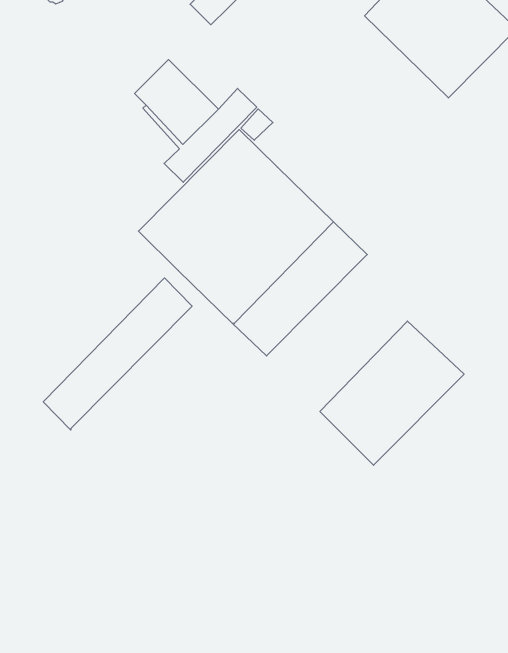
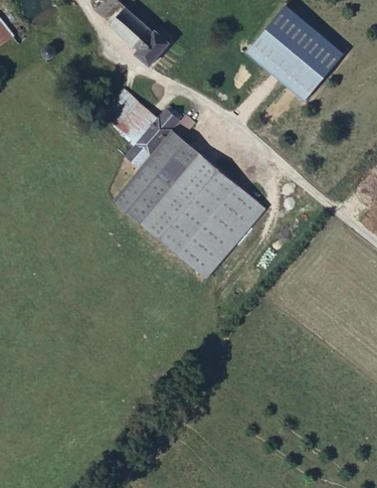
building: [43,278,192,430] -> none
building: [320,321,464,465] -> none

